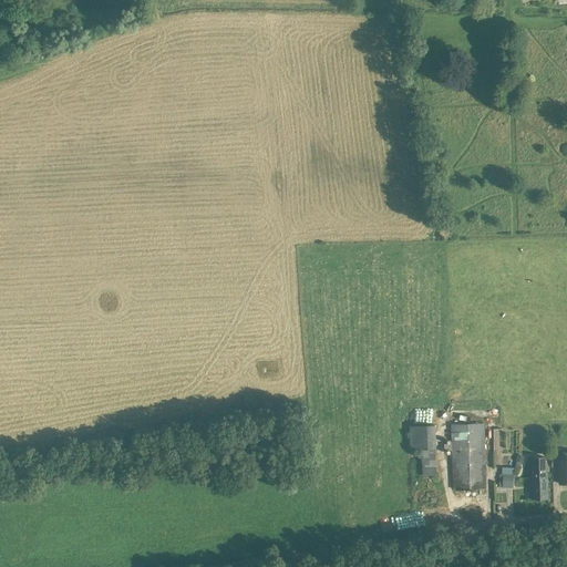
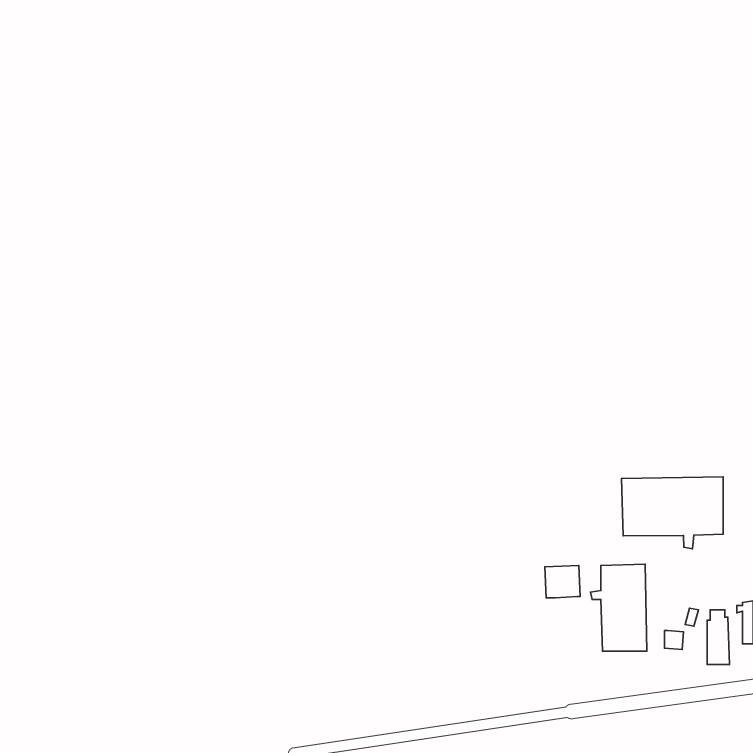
building: none -> [621,477,723,549]

